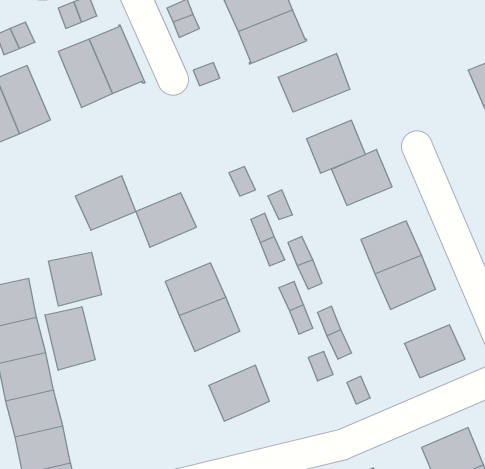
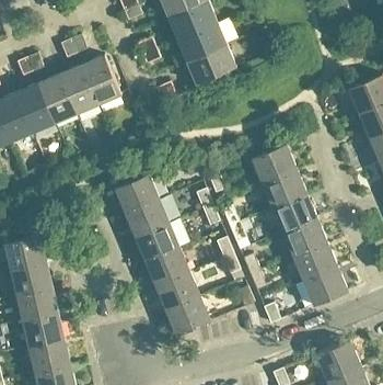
building: none -> [38,75,77,123]
building: [278,53,350,112] -> none
building: [306,120,365,173] -> [264,170,305,207]
building: [75,176,136,230] -> [125,199,167,237]
building: [49,252,102,306] -> none
building: none -> [294,242,336,281]
building: [45,307,95,370] -> none
building: none -> [156,272,199,310]

